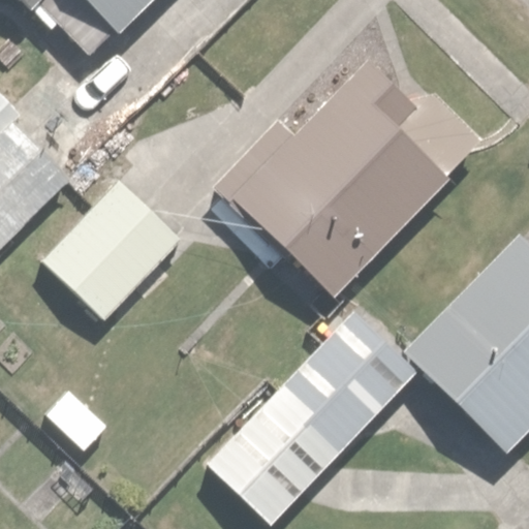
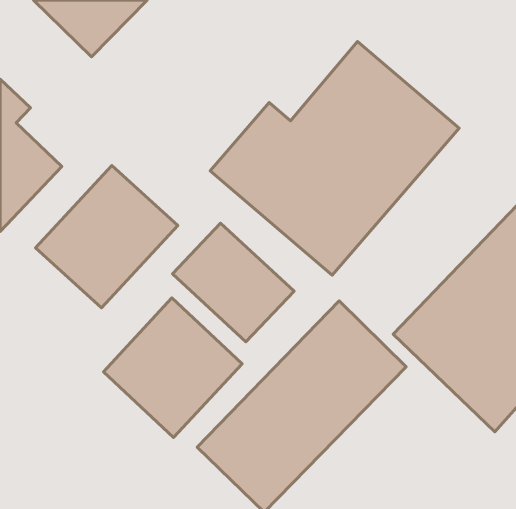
building: none -> [172,223,294,342]
building: none -> [104,298,242,438]

